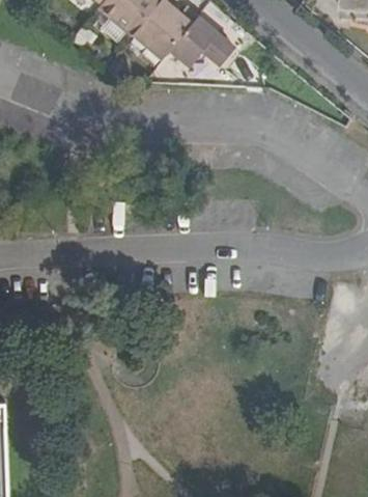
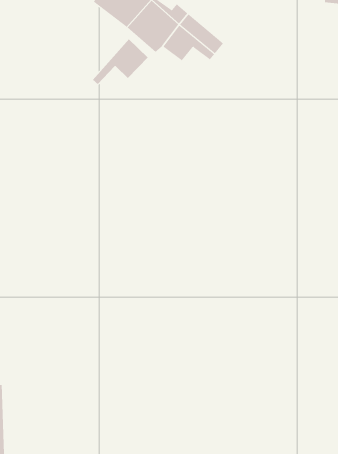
building: none -> [92,38,148,85]

